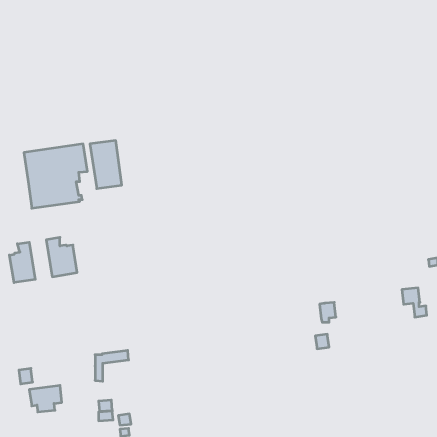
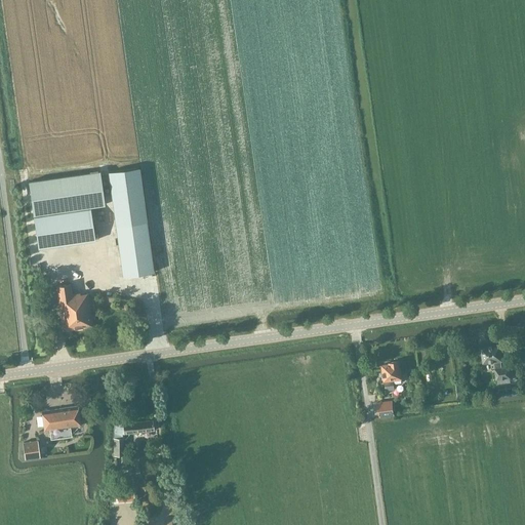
building: none -> [117,223,154,278]
building: [9,242,35,283] -> none
building: [29,385,62,412] -> [42,407,81,439]

